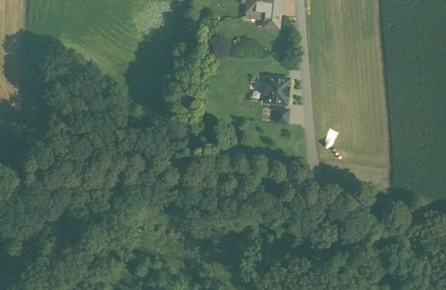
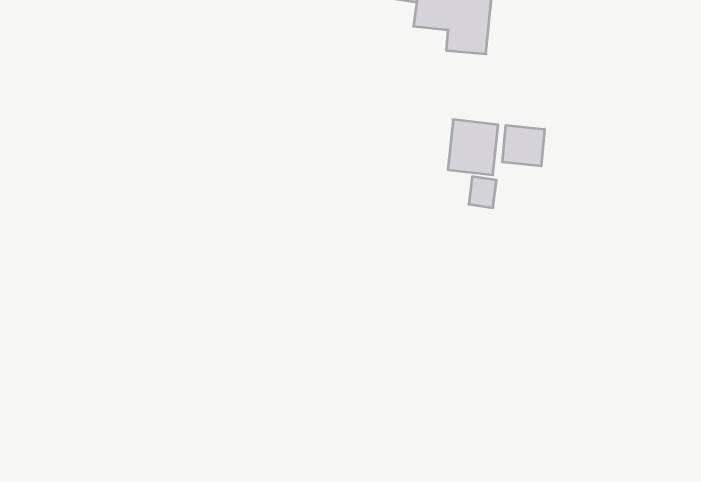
building: none -> [502,125,544,166]

